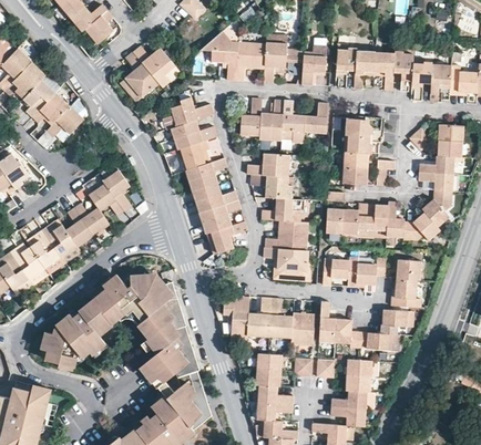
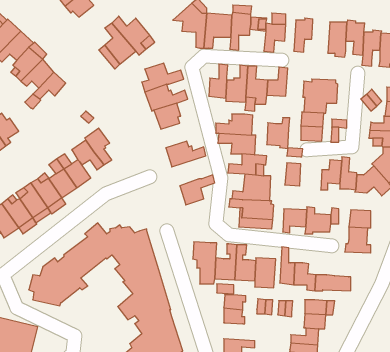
building: [354,51,375,89] -> none
building: [186,158,227,192] -> none
building: [199,200,240,234] -> none
building: [341,204,367,238] -> [267,118,290,149]
building: [380,310,410,334] -> none
building: [257,385,293,405] -> none

